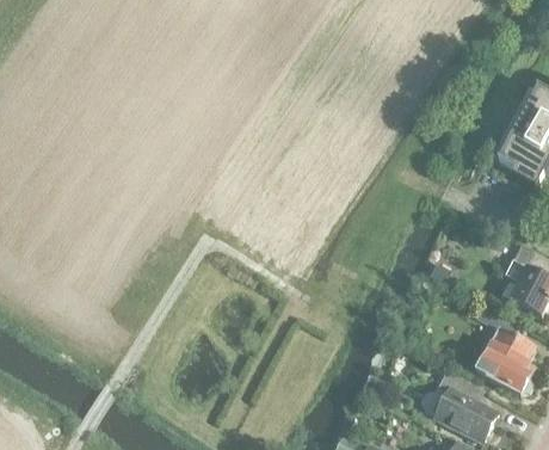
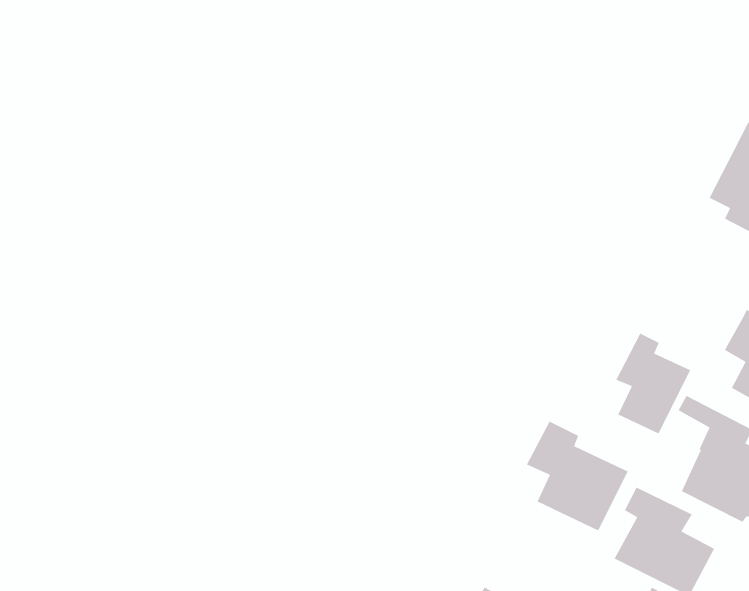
building: none -> [615,332,691,434]
building: none -> [526,420,629,531]

